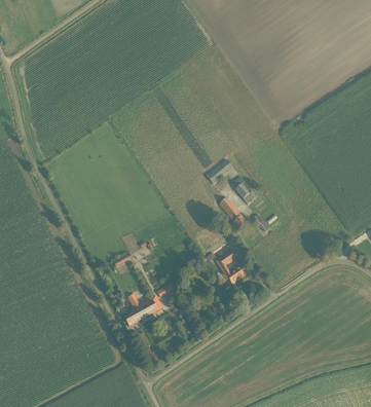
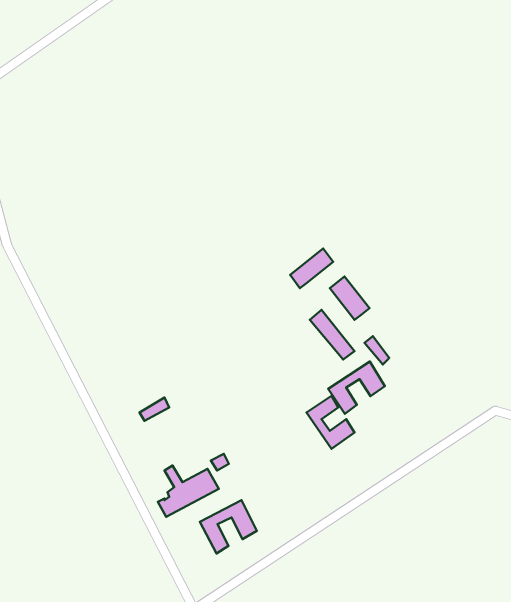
building: none -> [328,362,385,414]
building: none -> [200,500,257,554]

